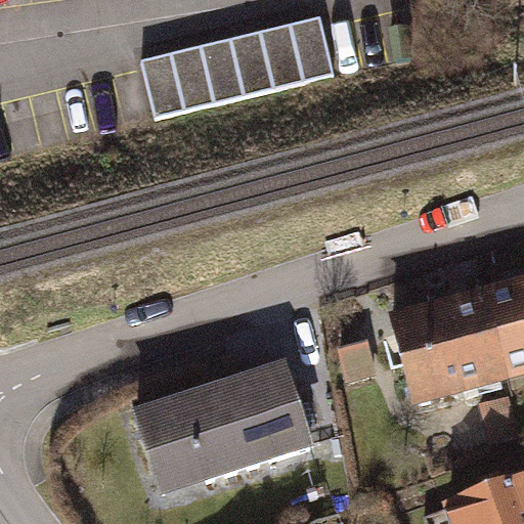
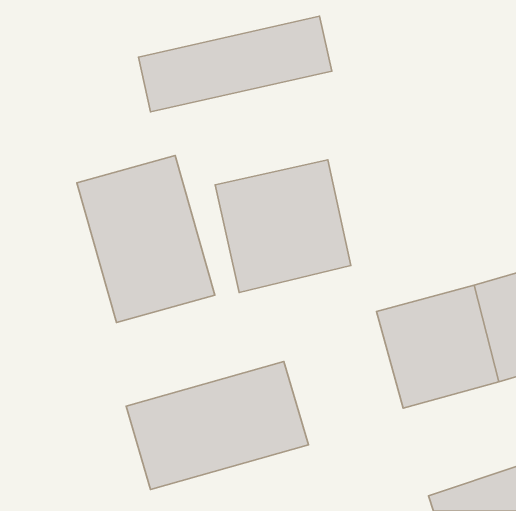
building: none -> [77,156,215,323]
building: none -> [215,160,351,292]

